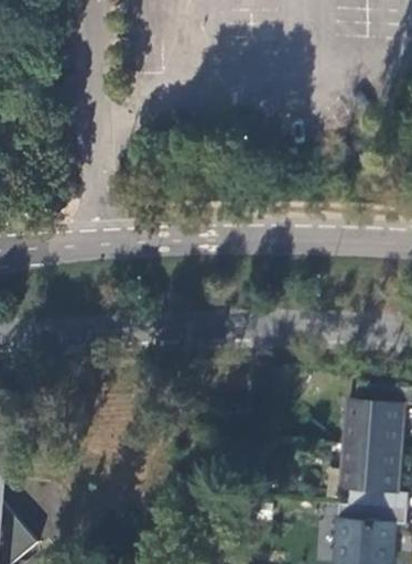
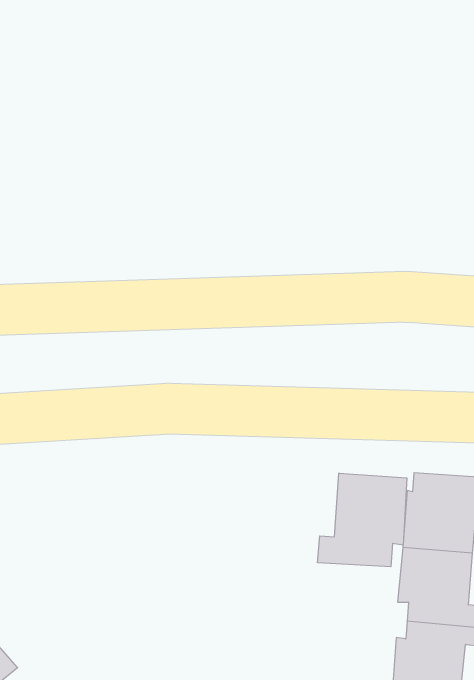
building: none -> [318,473,407,567]

